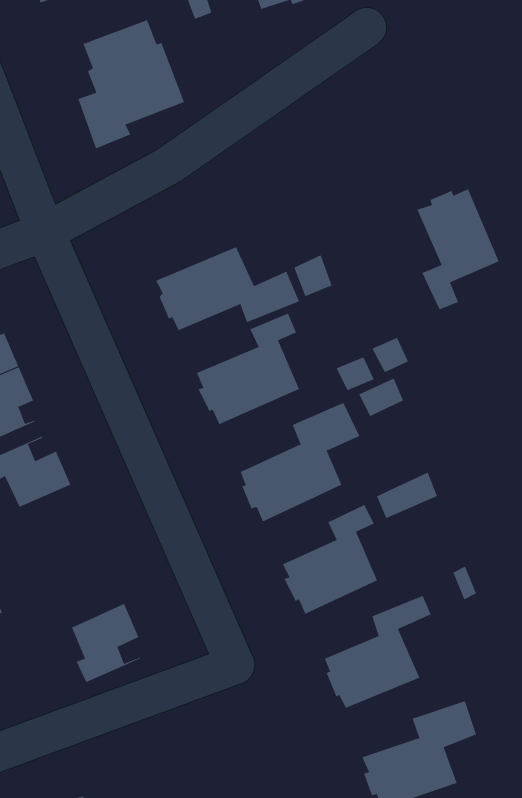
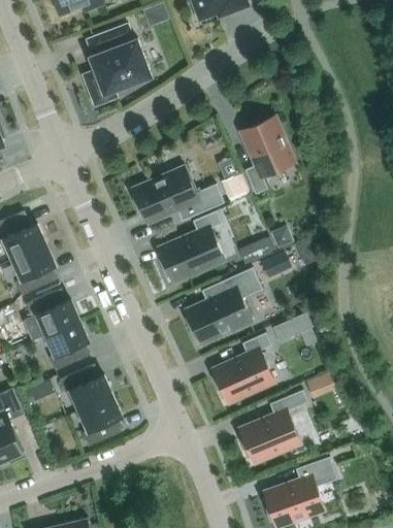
building: [417,189,499,310] -> [240,117,293,194]
building: none -> [45,320,90,370]
building: none -> [58,364,112,410]

